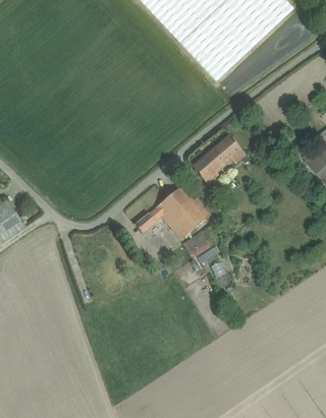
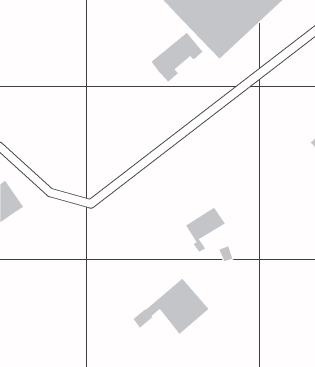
building: [193,135,244,185] -> [151,32,204,83]
building: [134,183,210,239] -> [133,278,209,335]

